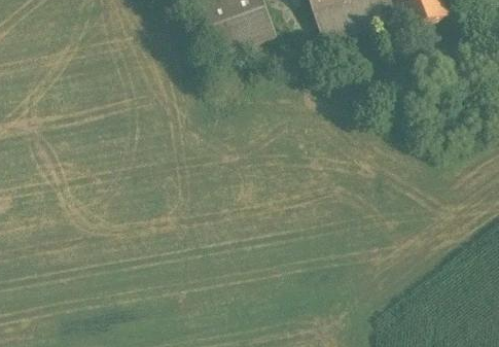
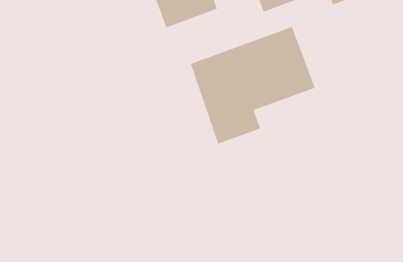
building: none -> [190,26,315,145]

